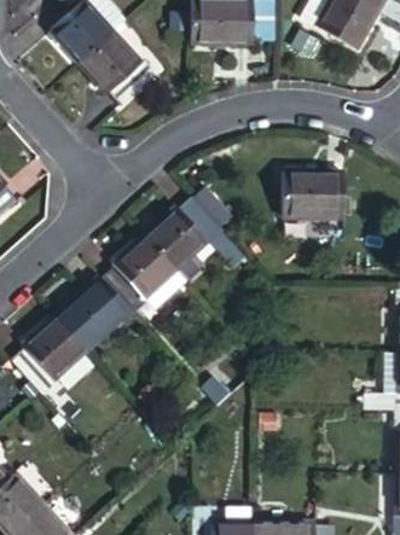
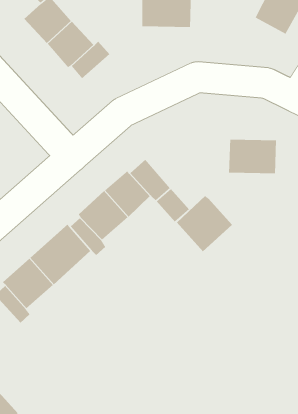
building: none -> [176,195,233,252]

